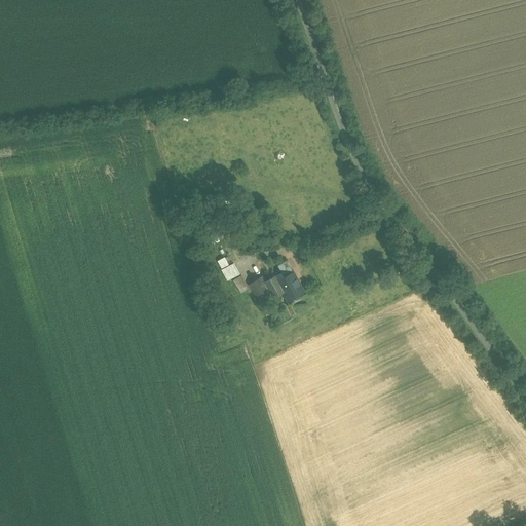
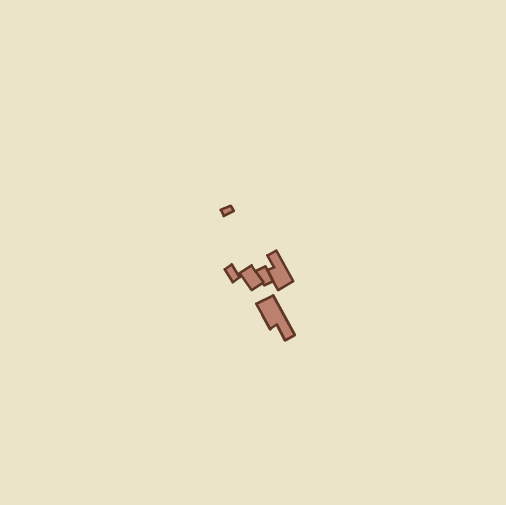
building: none -> [256,295,295,340]

